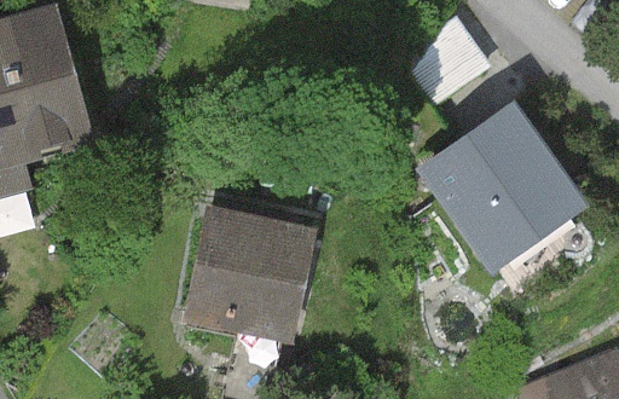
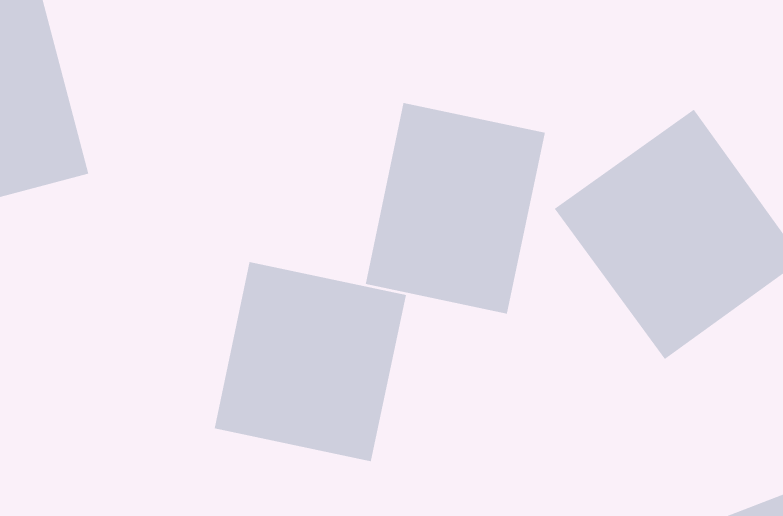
building: none -> [365,102,545,314]

